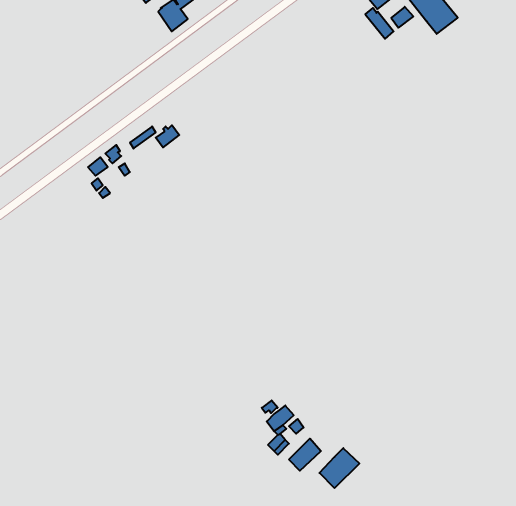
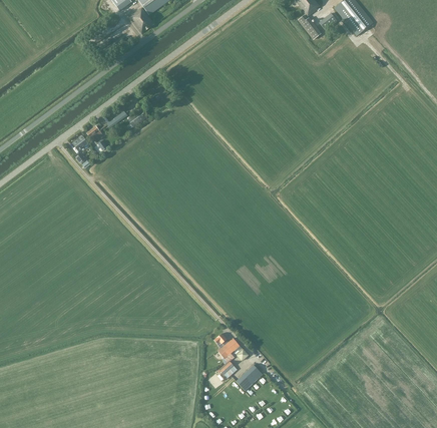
building: [319,448,359,488] -> none

